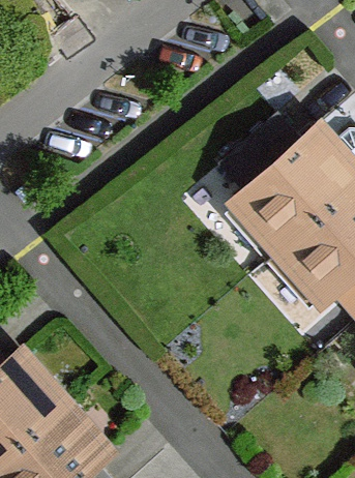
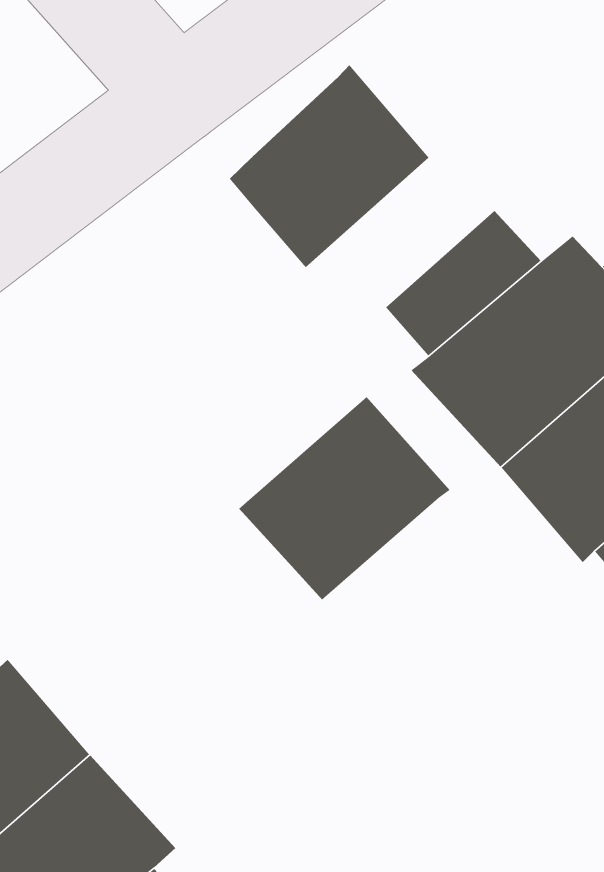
building: none -> [229,64,430,268]
building: none -> [238,396,450,601]

